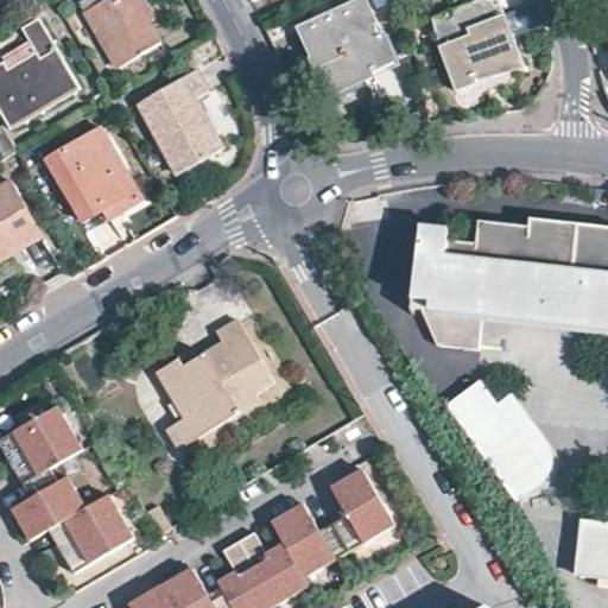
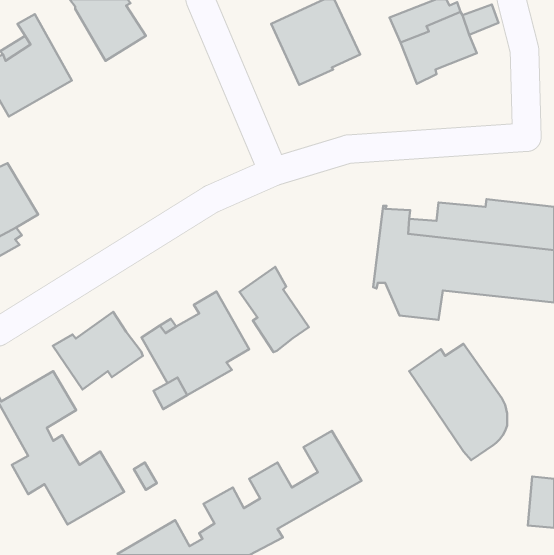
building: [135,68,222,173] -> none
building: [44,125,141,222] -> none
building: none -> [239,267,309,352]
building: none -> [53,312,143,390]

